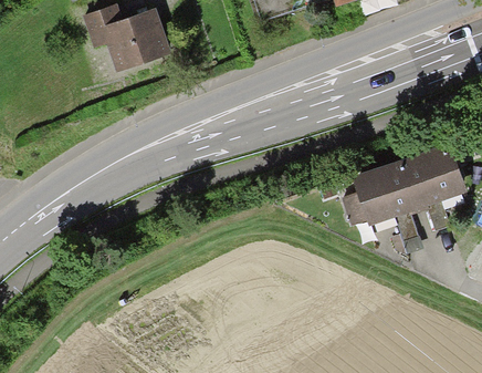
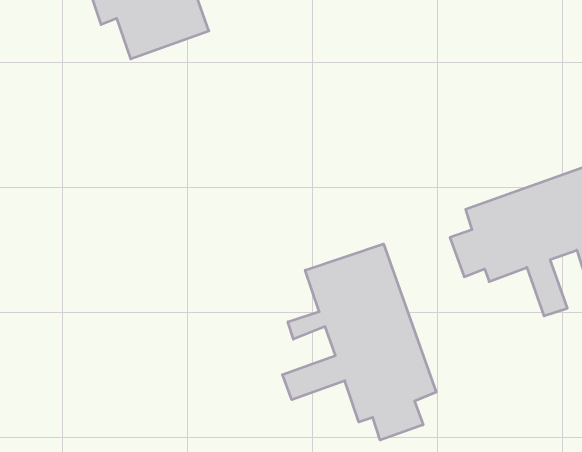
building: none -> [282,244,436,440]

